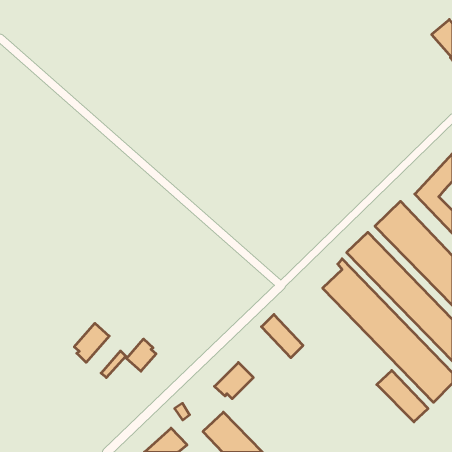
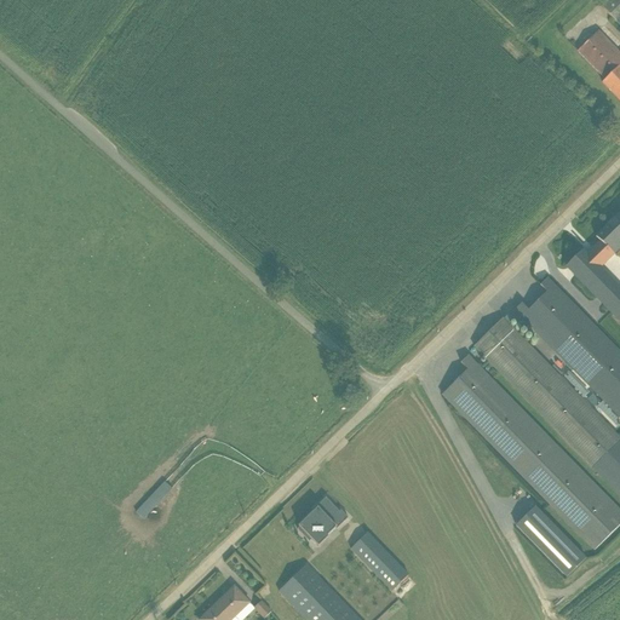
building: [261,314,303,358] -> [351,532,408,591]
building: [74,323,109,362] -> none
building: [126,339,156,371] -> none

